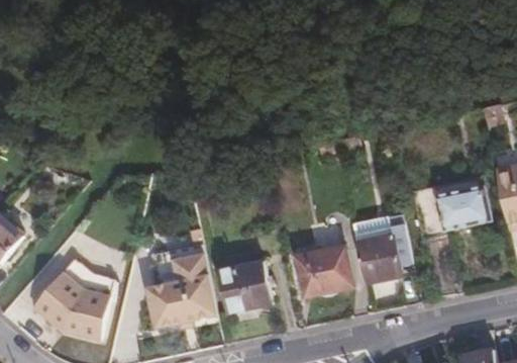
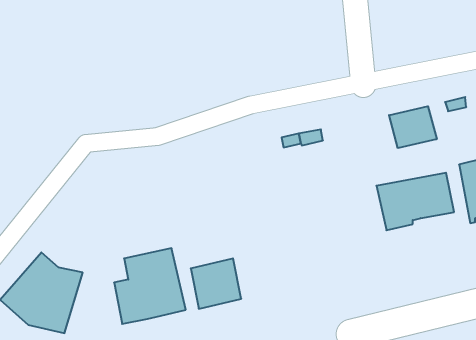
building: none -> [389,106,437,148]
building: [351,214,411,283] -> none
building: [297,247,349,297] -> none

